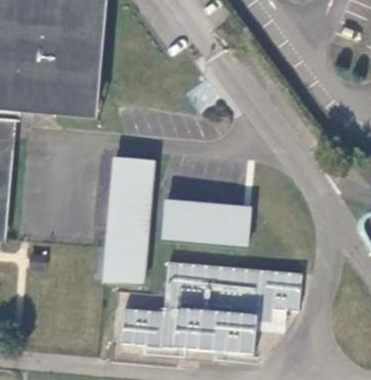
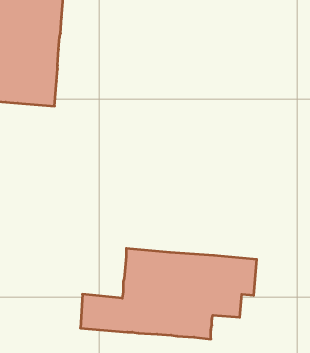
building: [104,157,153,283] -> none
building: [163,200,250,247] -> none

